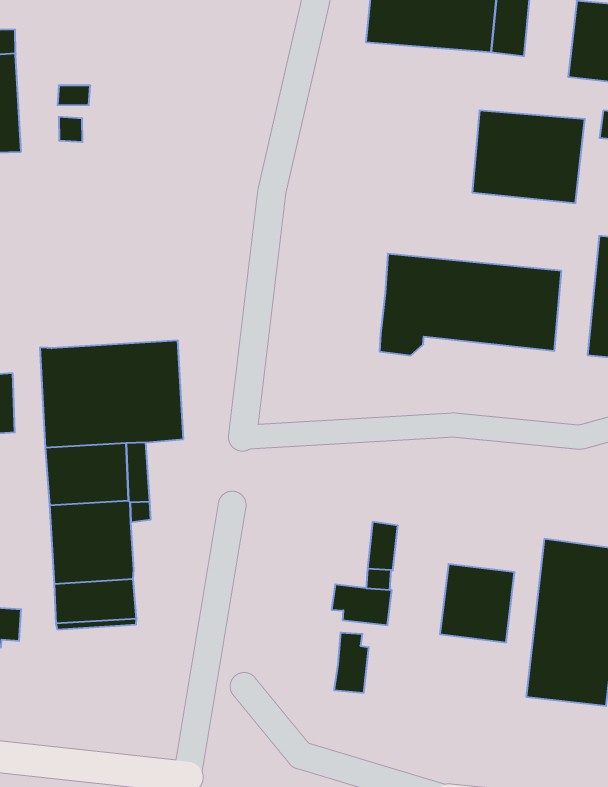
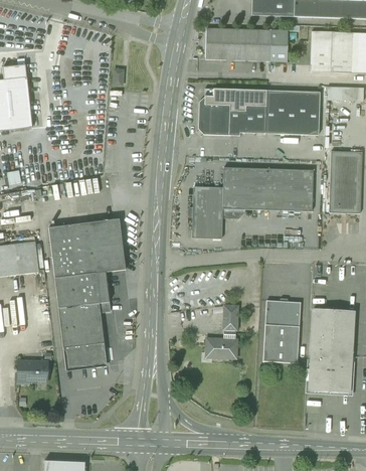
building: none -> [198,88,265,135]
building: none -> [191,186,223,239]
building: none -> [264,300,301,326]
building: [334,632,369,693] -> none

